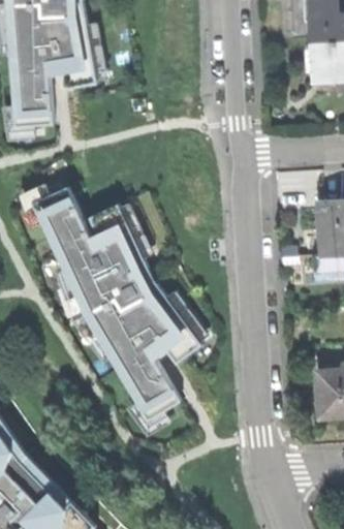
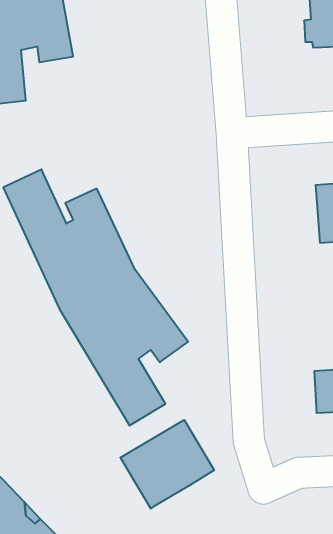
building: none -> [120,420,214,509]

